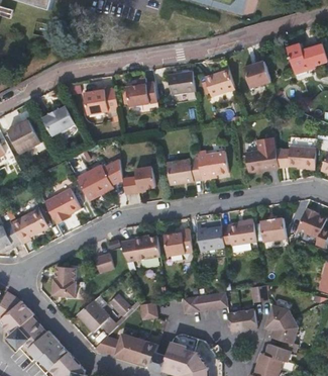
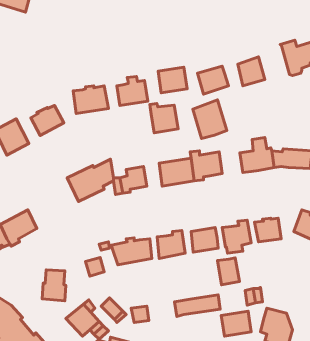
building: none -> [193,100,227,138]
building: none -> [150,103,178,133]
building: [45,189,82,224] -> none
building: none -> [218,258,240,285]

